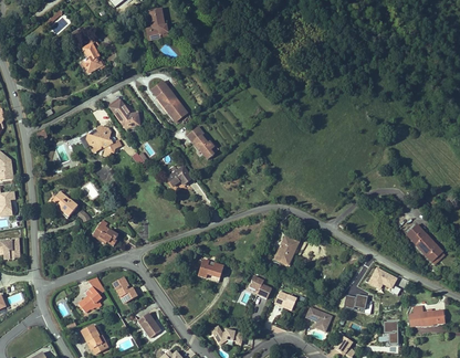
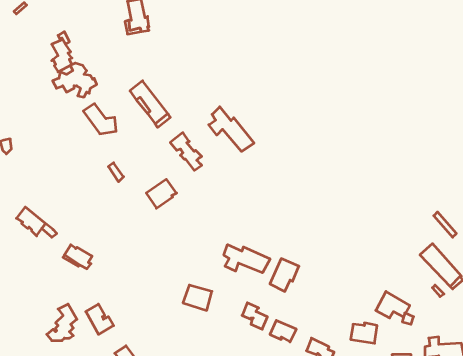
building: none -> [209,107,254,151]
building: [82,126,121,156] -> [53,63,97,97]
building: none -> [224,245,270,273]

